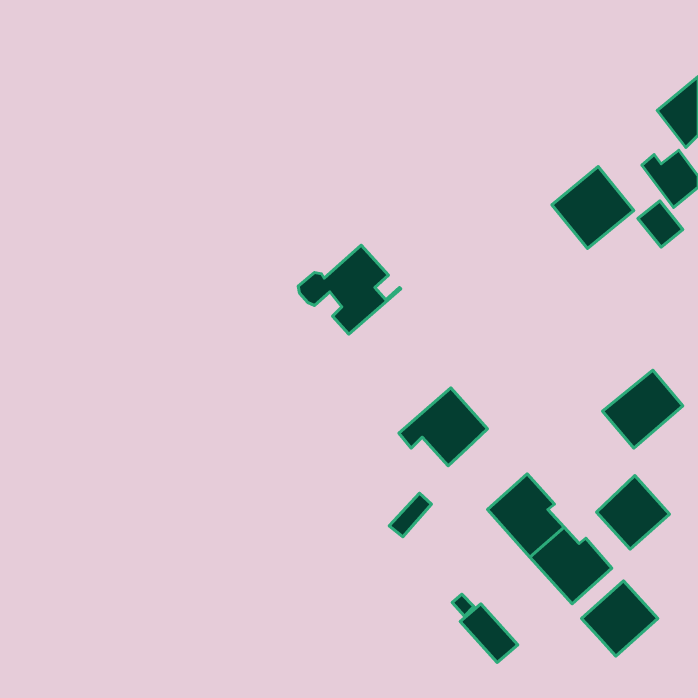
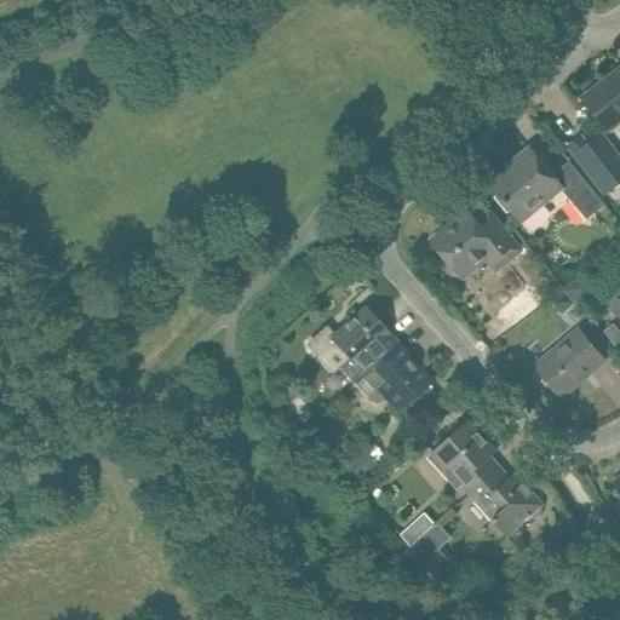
building: none -> [432,211,521,270]
building: [298,245,401,334] -> [309,305,400,384]
building: [597,475,670,549] -> none
building: [581,581,658,656] -> none

